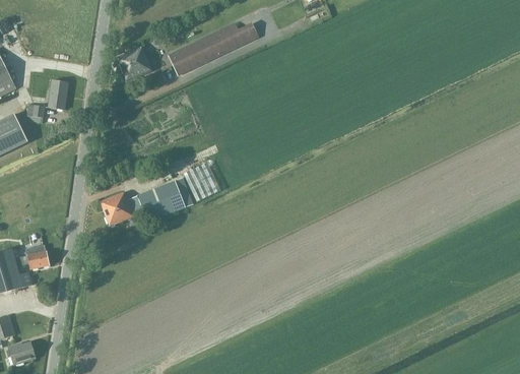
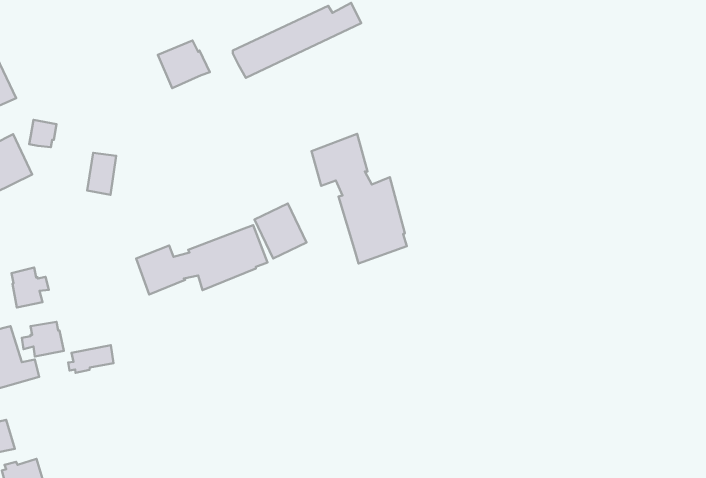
building: [48,79,68,109] -> [87,153,116,195]
building: none -> [311,134,407,264]
building: none -> [11,268,49,307]
building: none -> [68,345,113,373]

